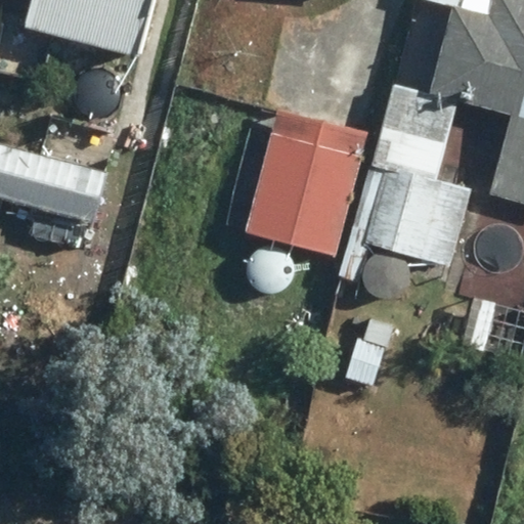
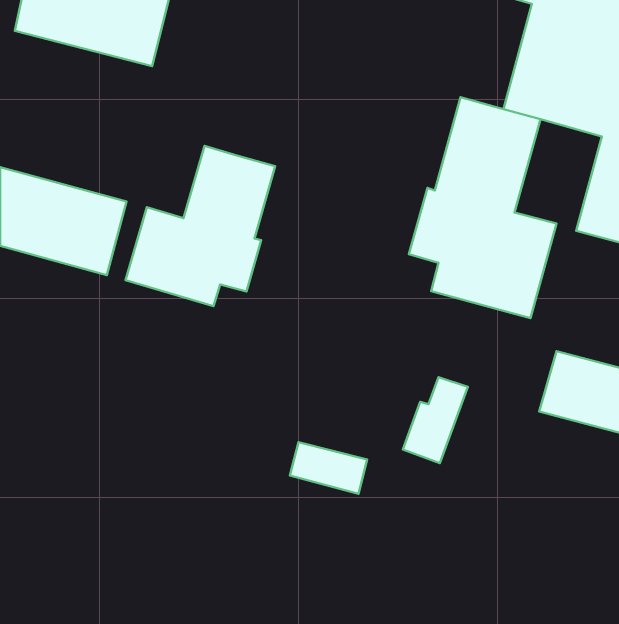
building: none -> [125,146,275,306]
building: [243,130,361,255] -> none

